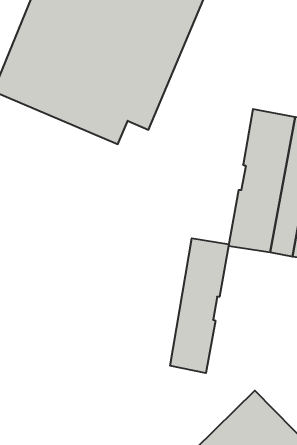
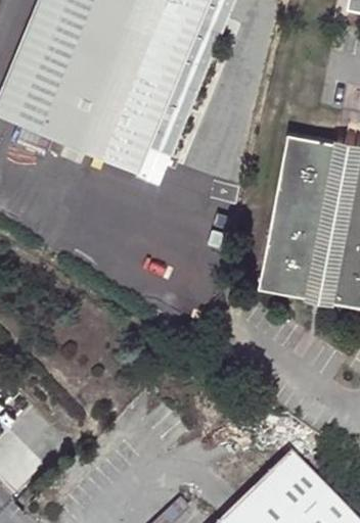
building: [170,238,229,373] -> none

